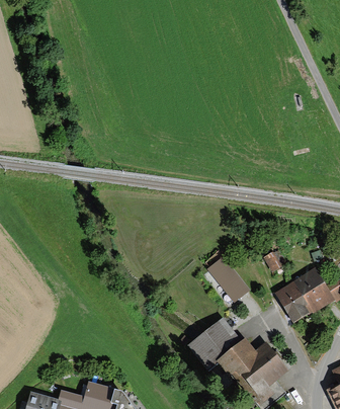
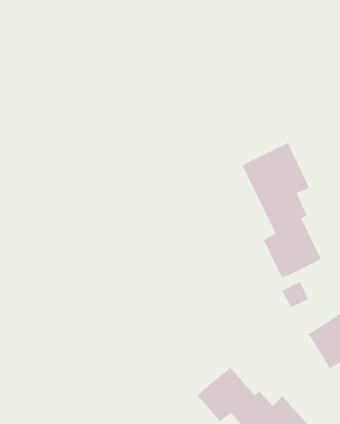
building: none -> [242,142,321,279]
building: [204,257,248,304] -> none

